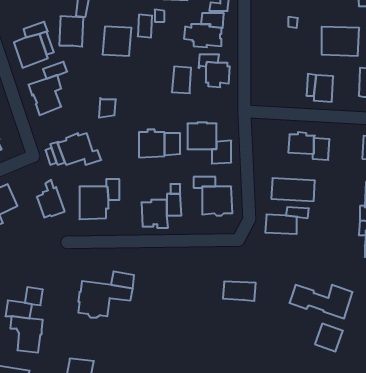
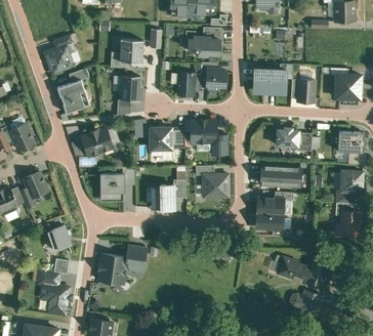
building: [59,16,84,47] -> [119,76,139,101]
building: [322,27,359,56] -> [253,69,285,93]
building: [37,180,65,217] -> [47,218,71,250]
building: [223,282,256,301] -> [255,213,283,229]

